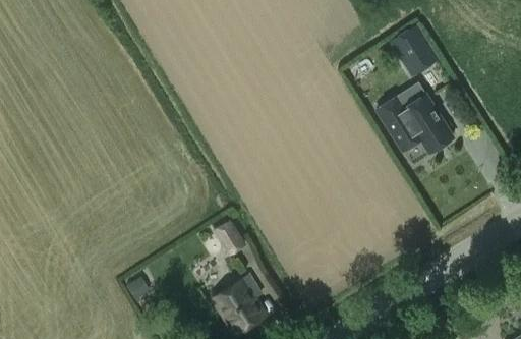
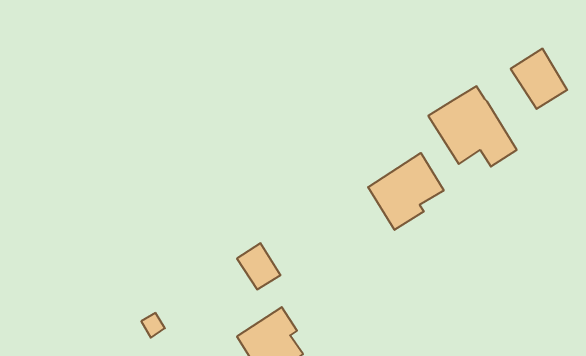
building: [390,24,439,76] -> [511,49,567,109]
building: none -> [368,153,444,230]

